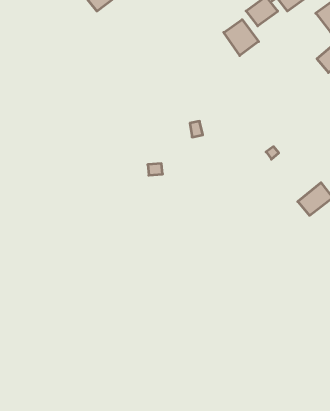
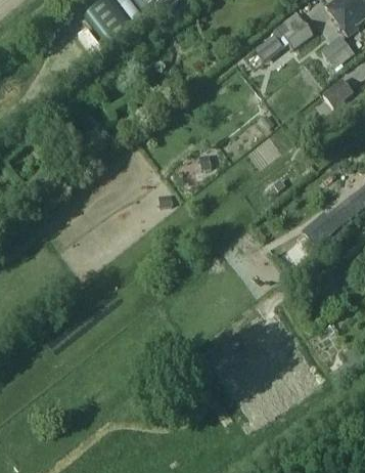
building: [224,20,259,56] -> none

